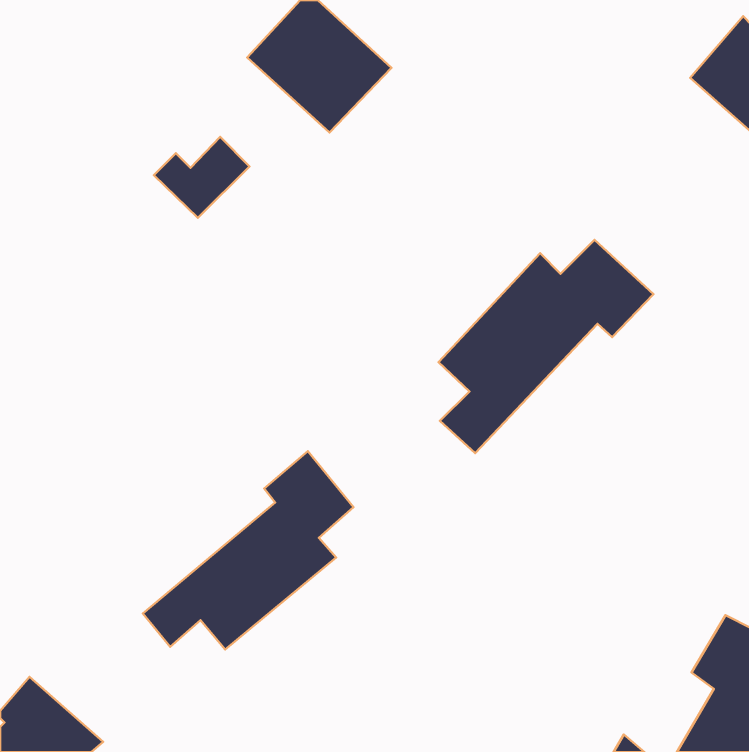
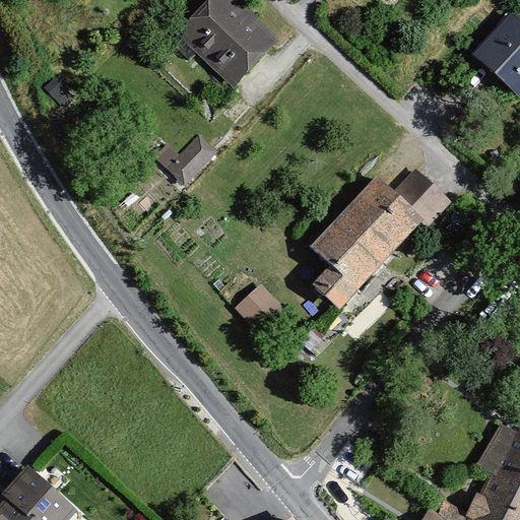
building: [154,137,249,218] -> [156,132,222,188]
building: none -> [238,283,284,329]
building: [143,451,353,650] -> none

